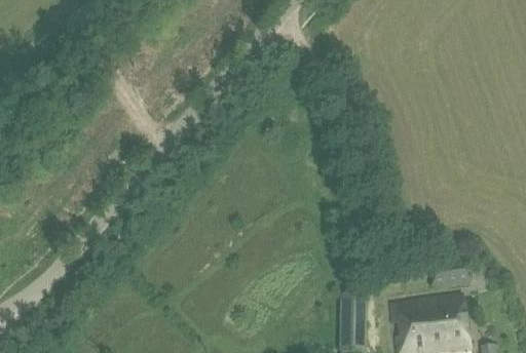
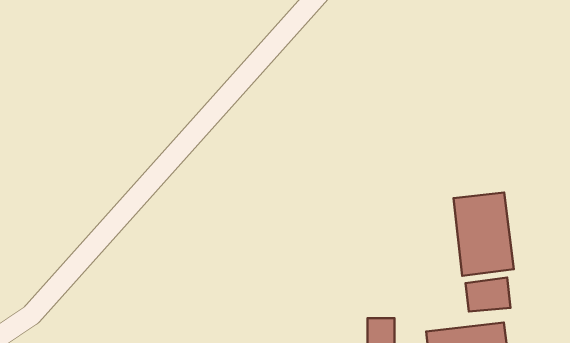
building: none -> [453,193,514,276]

